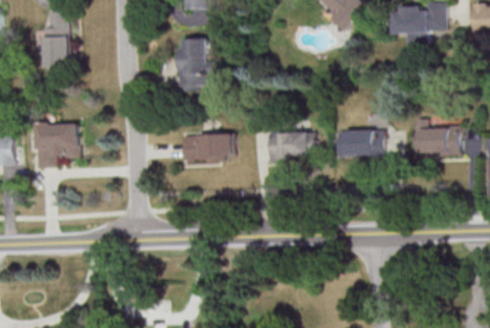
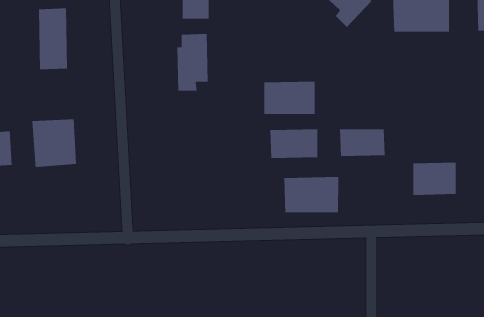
building: [419,125,463,157] -> [412,162,457,195]
building: [183,130,234,163] -> [263,81,315,114]
building: none -> [284,176,339,213]

